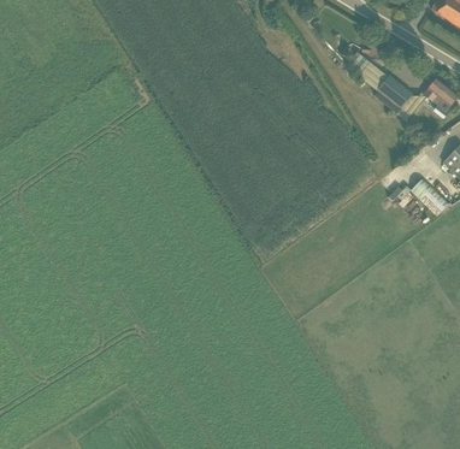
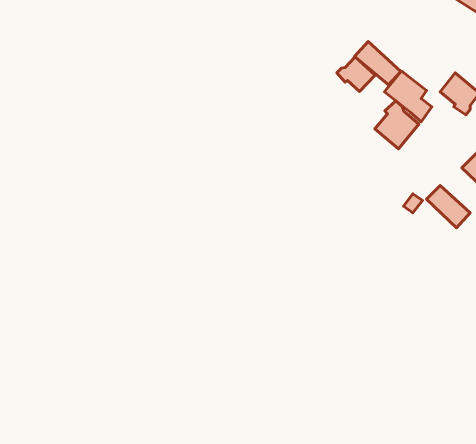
building: none -> [337,57,375,92]
building: none -> [375,101,419,149]

